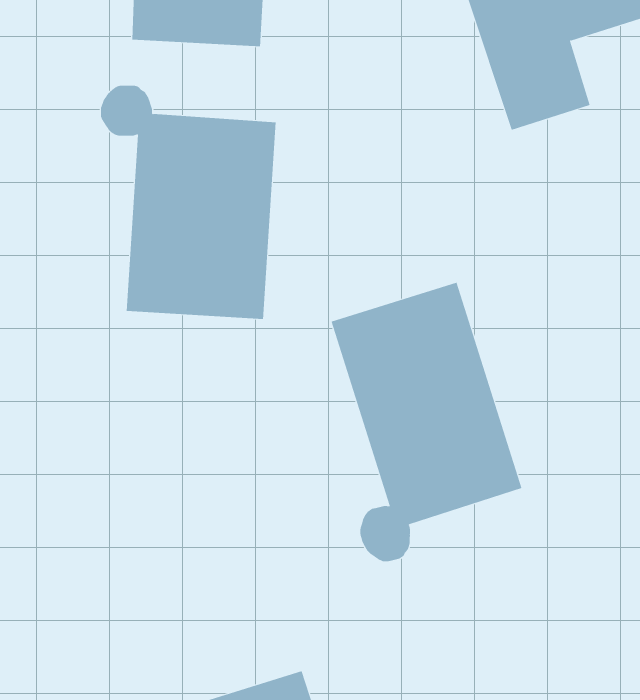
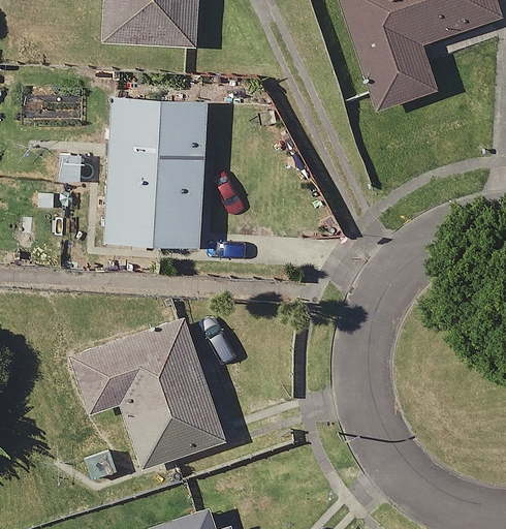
building: [331,282,522,562] -> none
building: none -> [69,318,224,469]

